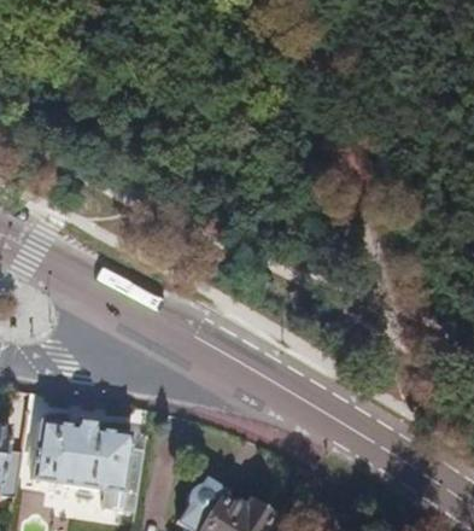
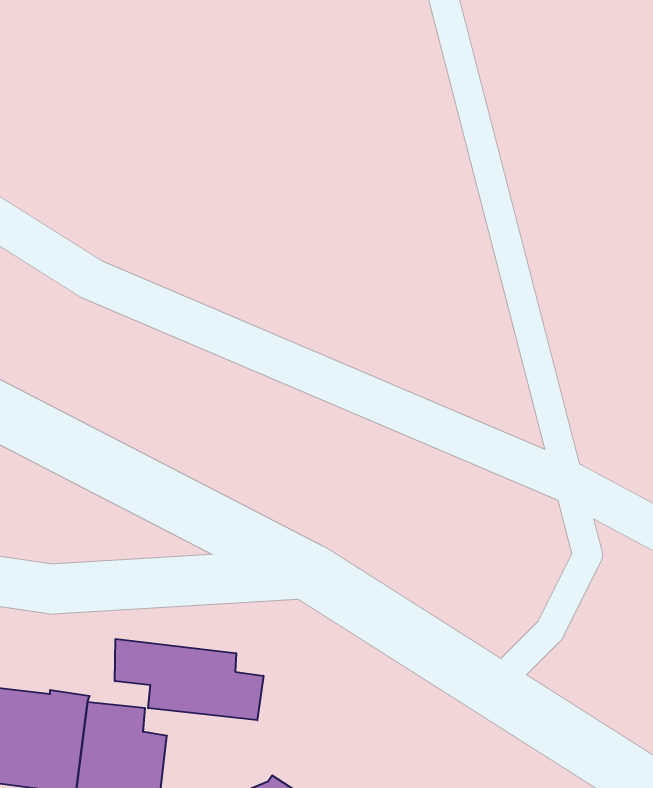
building: none -> [115,639,263,720]

